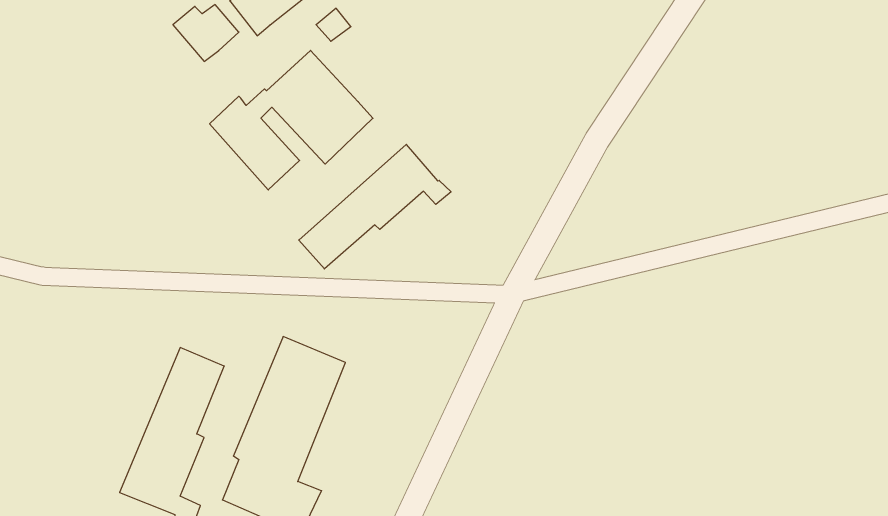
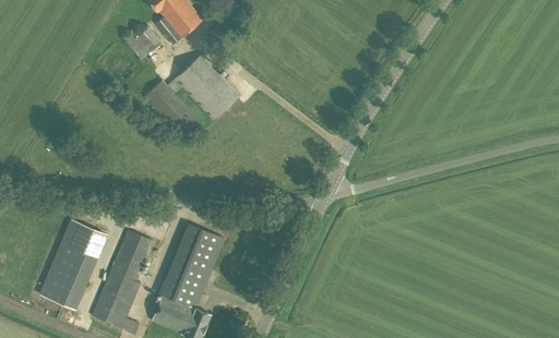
building: [299,144,451,269] -> none
building: none -> [40,219,107,310]

